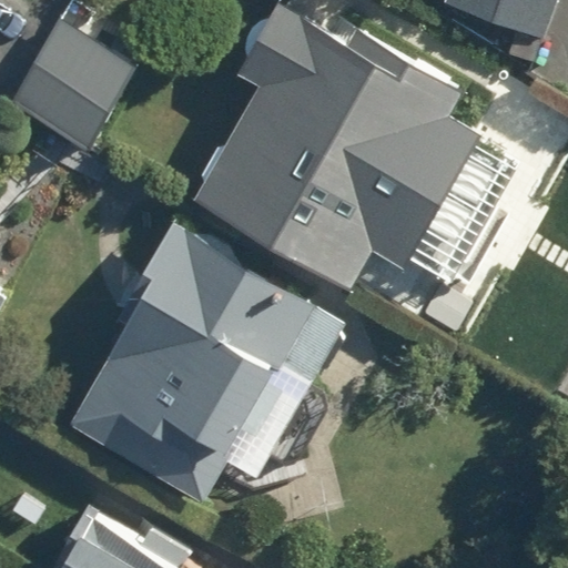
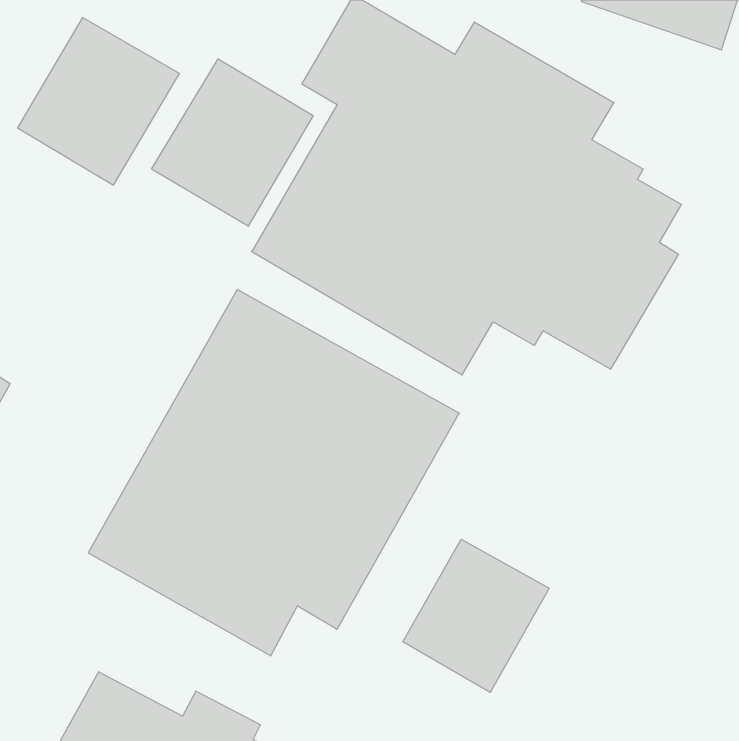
building: none -> [152,59,313,226]
building: none -> [403,539,549,692]

